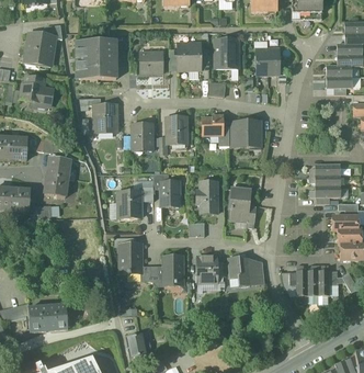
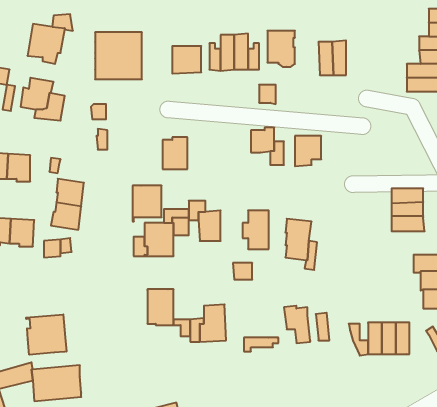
building: [94,103,117,132] -> [133,186,162,221]
building: [166,115,187,144] -> none
building: [196,256,217,282] -> none
building: none -> [26,314,66,355]

